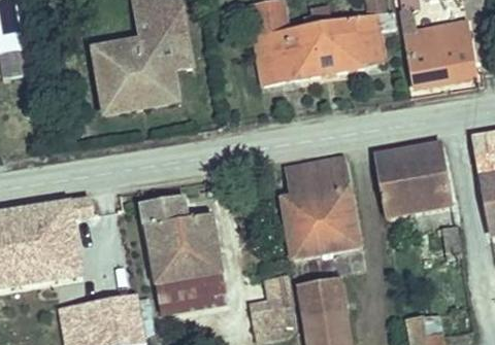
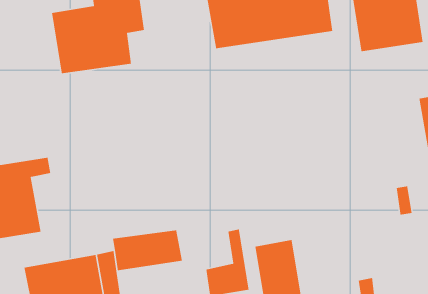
building: [373,141,451,214] -> none
building: [282,158,355,256] -> none
building: [139,195,220,279] -> none

